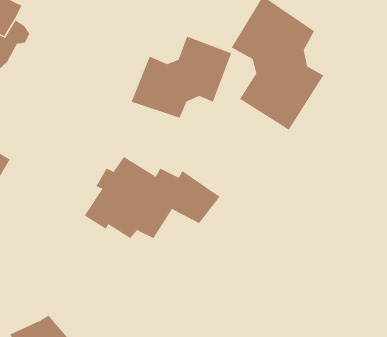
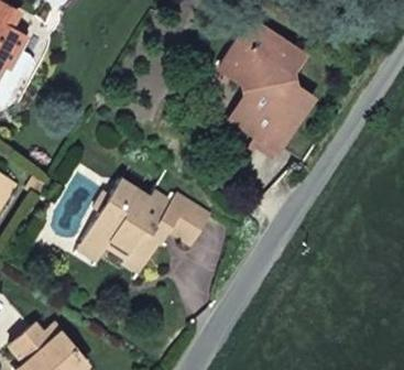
building: [131,36,232,118] -> none

